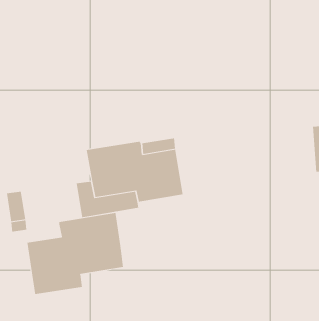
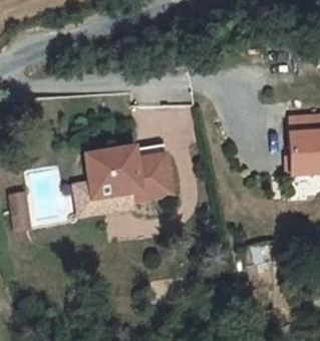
building: [27,212,124,295] -> none

